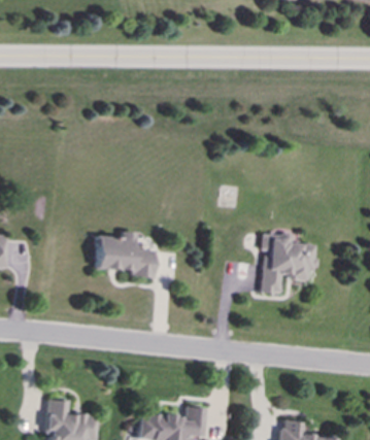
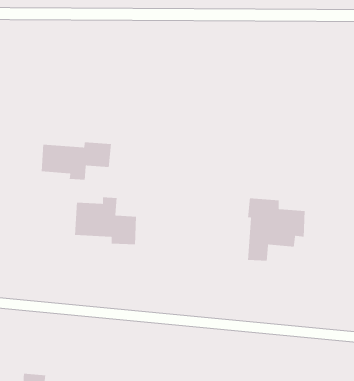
building: none -> [41,141,112,181]

